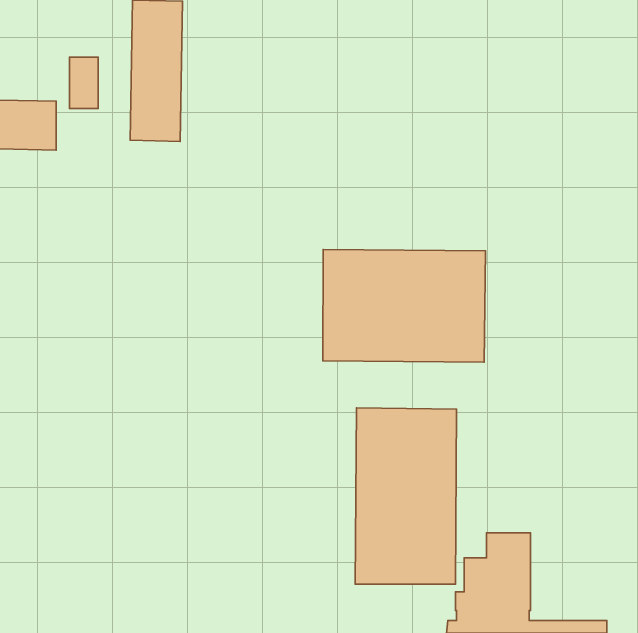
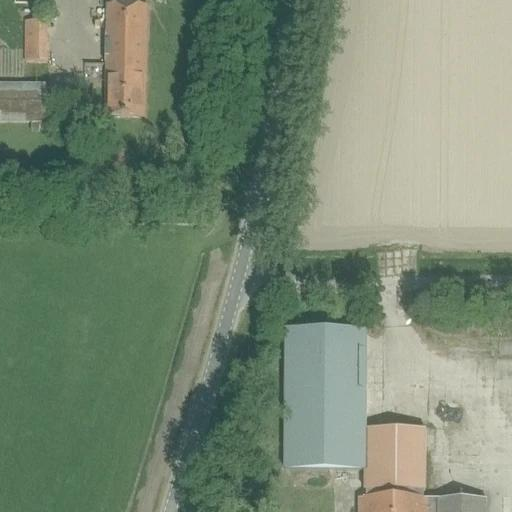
building: [69,57,98,109] -> [23,17,46,58]
building: [323,250,486,362] -> none

